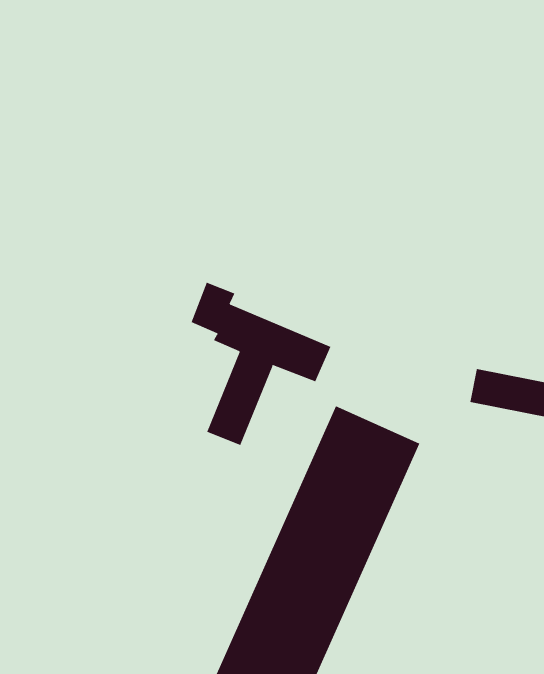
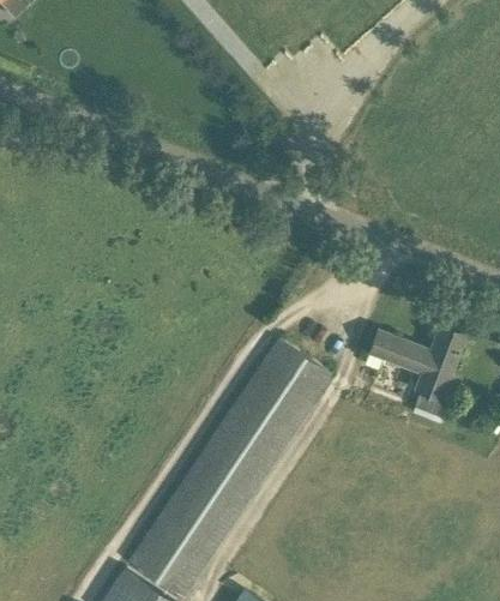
building: [191,282,331,446] -> none

